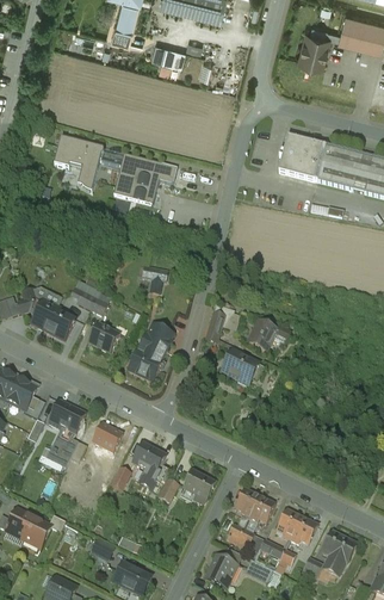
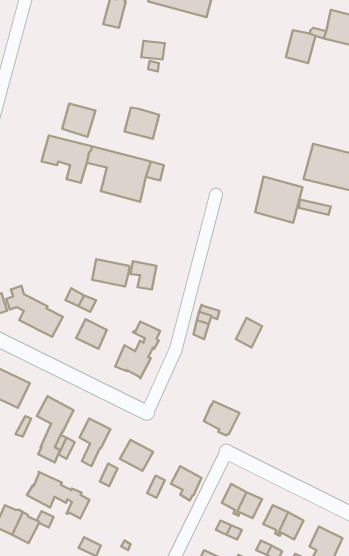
building: none -> [62,103,95,137]
building: none -> [125,107,159,139]
building: [278,135,326,181] -> [255,177,302,223]
building: none -> [92,259,129,286]
building: [222,351,258,385] -> [204,401,239,435]
building: none -> [27,472,90,518]

